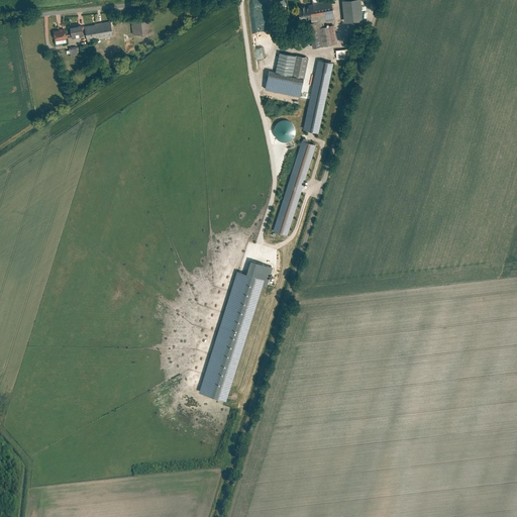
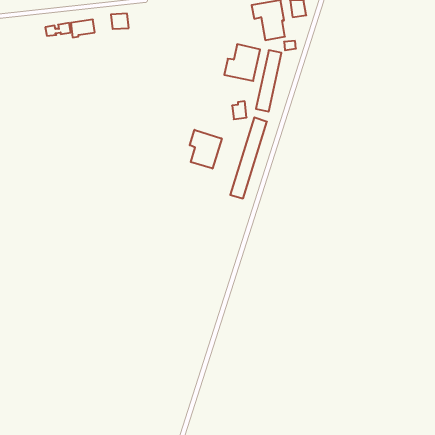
building: none -> [190,130,222,169]
building: [200,260,273,398] -> none

